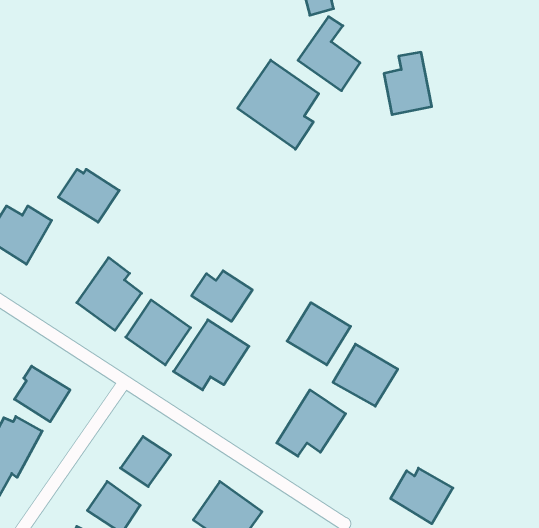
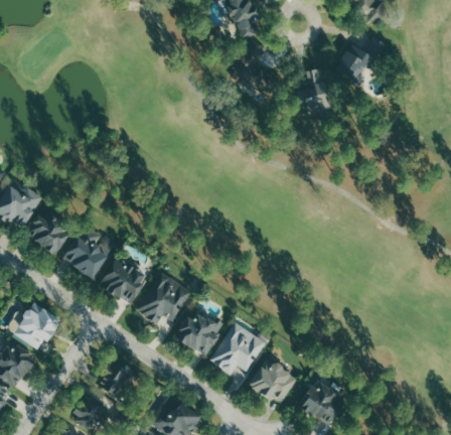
building: none -> [335,44,372,87]
building: [238,60,319,149] -> none
building: [58,169,119,222] -> [24,214,70,255]
building: [192,271,252,321] -> none
building: [287,303,351,365] -> [175,309,223,356]
building: [333,344,398,406] -> [249,358,298,406]

